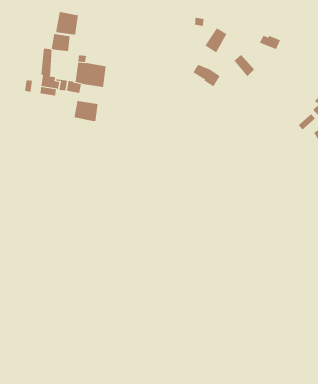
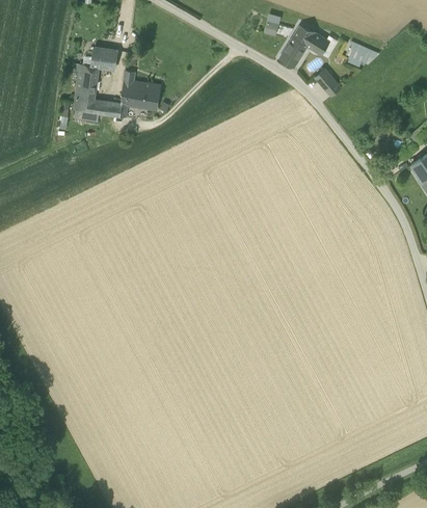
building: [56,11,78,35] -> none
building: [192,64,221,87] -> [292,27,326,55]
building: [74,100,98,122] -> none

